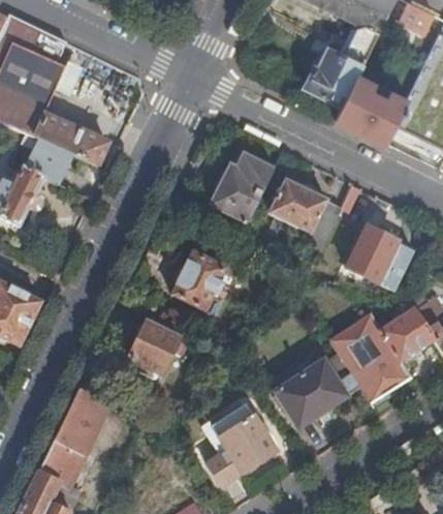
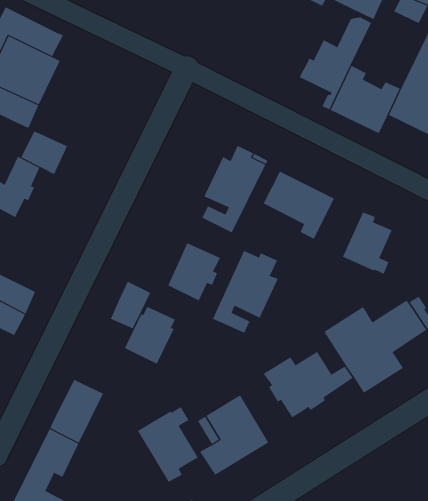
building: [34,112,107,164] -> none
building: none -> [212,250,278,334]
building: none -> [110,281,151,329]
building: none -> [137,406,198,482]

